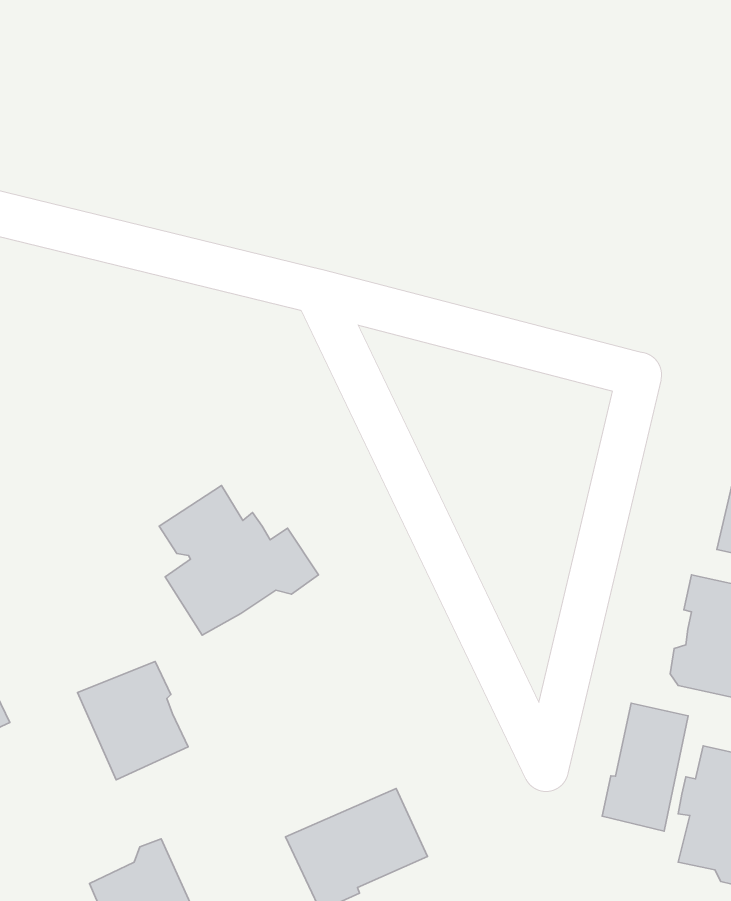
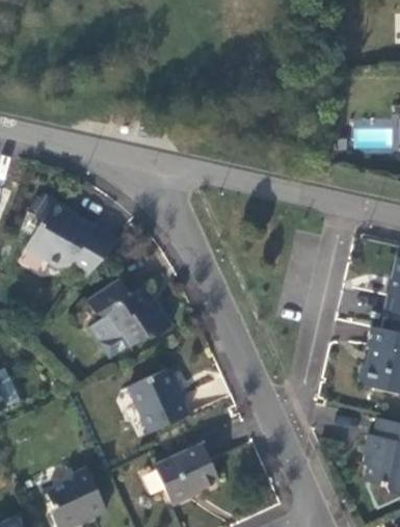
building: none -> [24,197,118,278]
building: [77,662,188,780] -> [130,370,189,433]
building: [602,703,688,831] -> none

